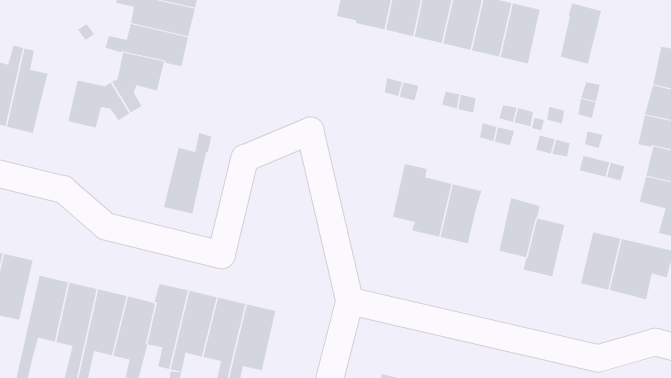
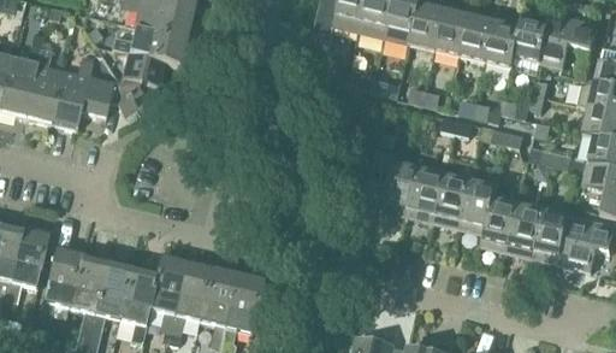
building: none -> [485,13,521,67]
building: none -> [538,14,596,67]
building: [163,132,212,214] -> [48,57,91,129]
building: none -> [432,173,469,226]
building: none -> [507,204,541,255]

